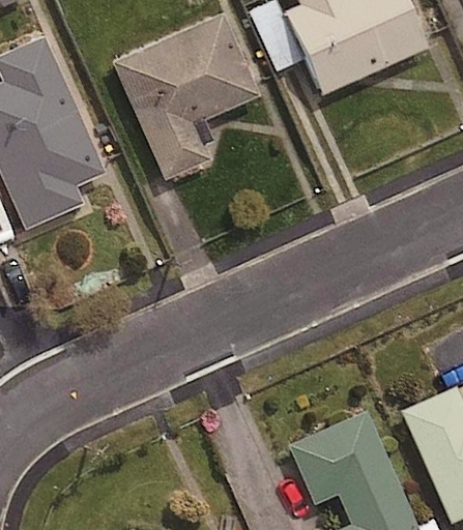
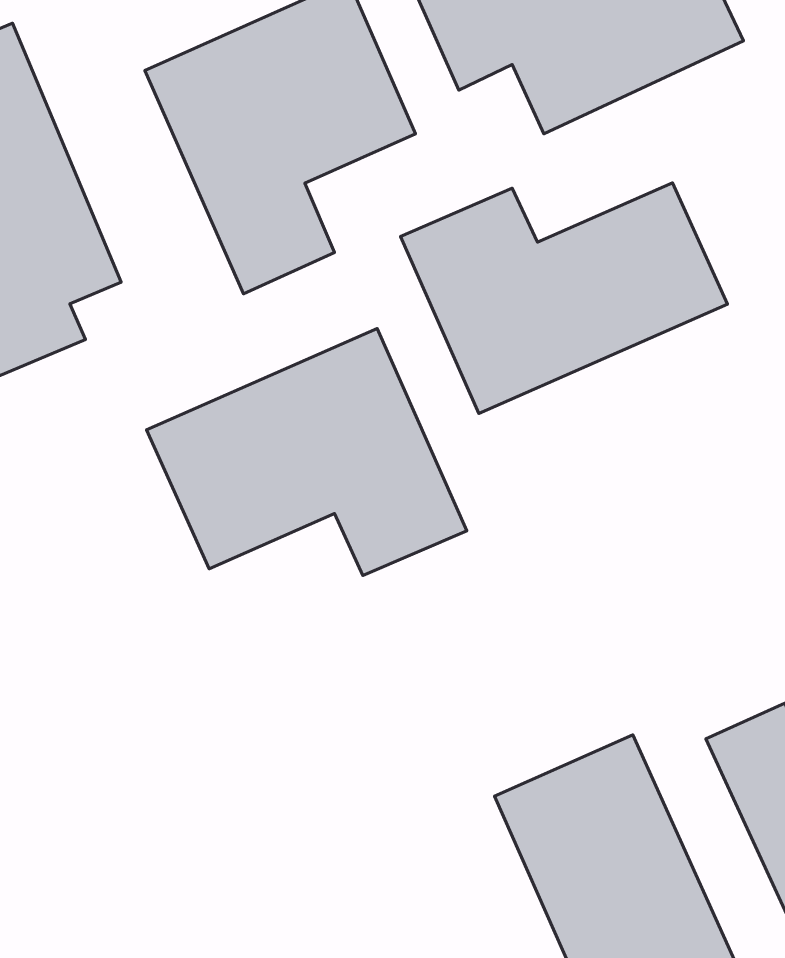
building: none -> [401,183,727,414]
building: none -> [146,328,467,576]

